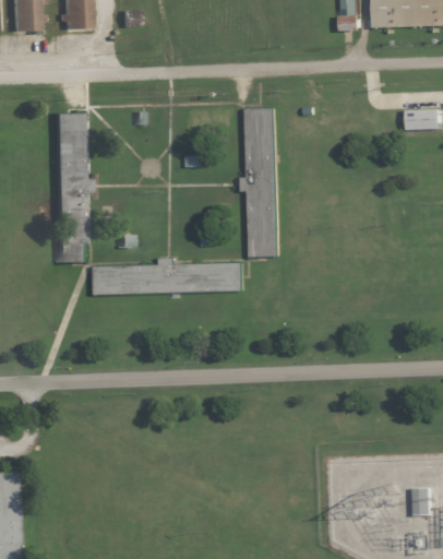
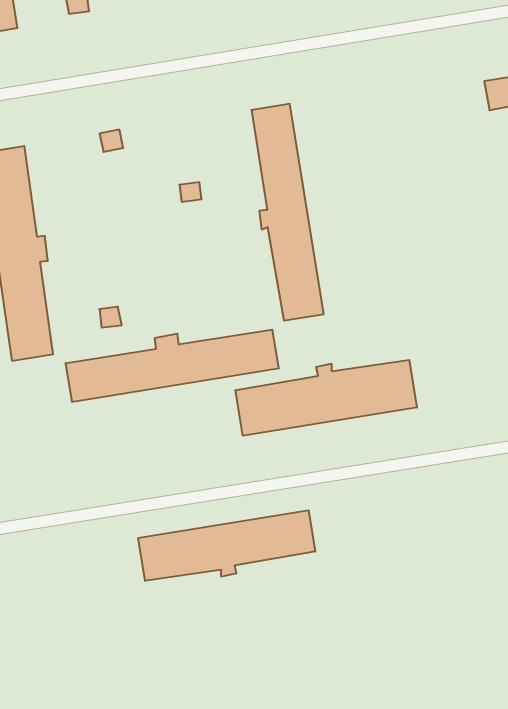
building: none -> [236,360,417,436]
building: none -> [138,510,315,581]

